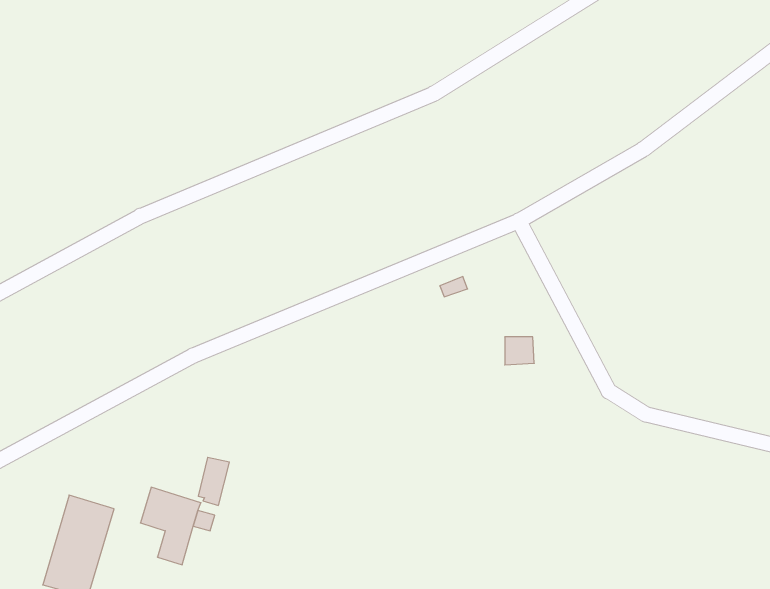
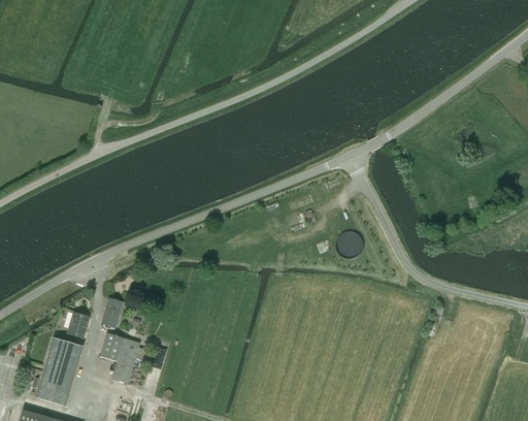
building: [198,457,229,505] -> [102,298,123,330]
building: none -> [67,313,90,338]

